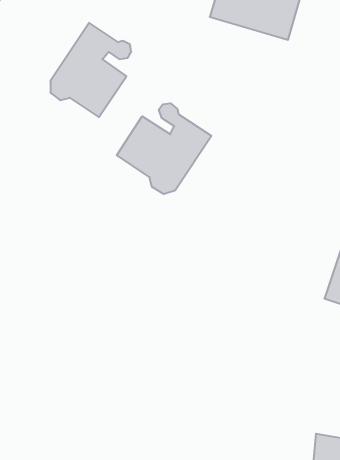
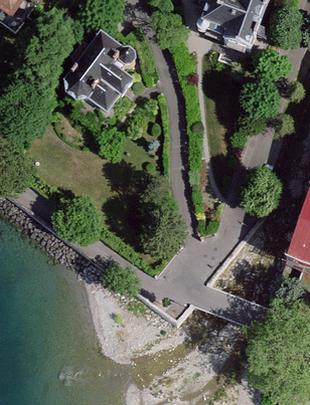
building: [117,103,211,194] -> none

